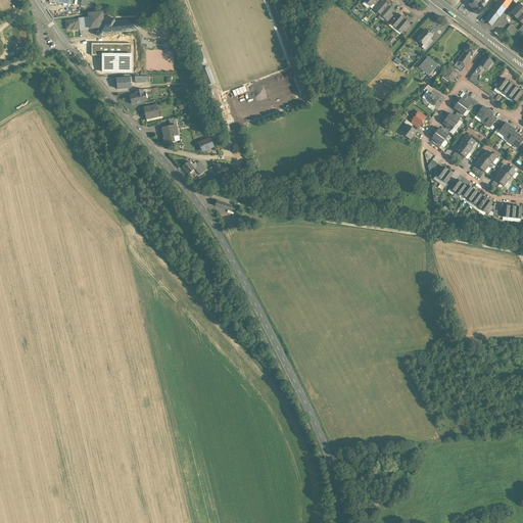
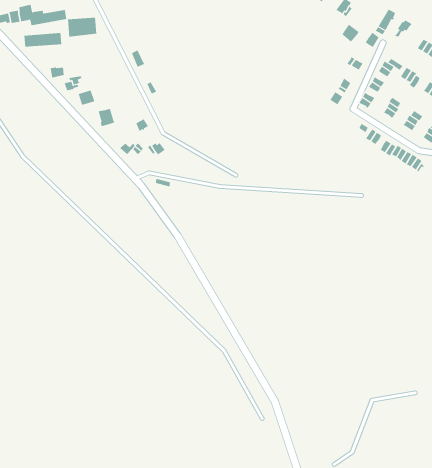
building: [101,54,131,73] -> [67,17,97,37]

